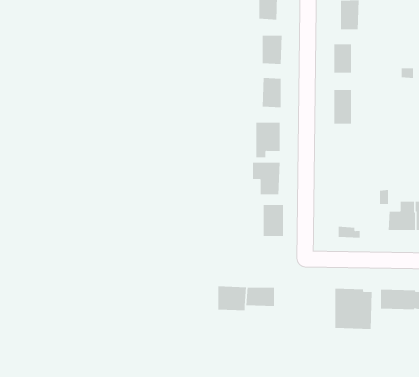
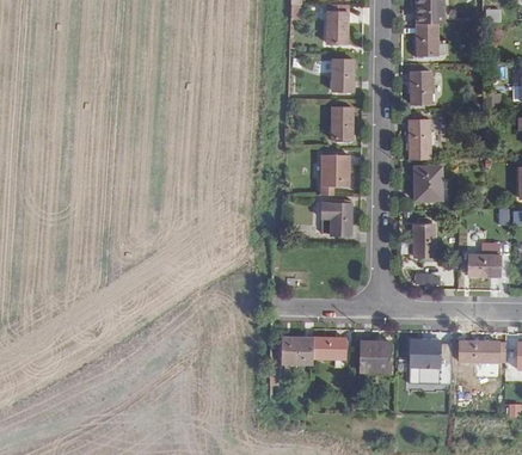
building: none -> [414,167,442,201]
building: none -> [412,226,435,258]
building: [263,204,284,237] -> none
building: none -> [358,340,389,371]

